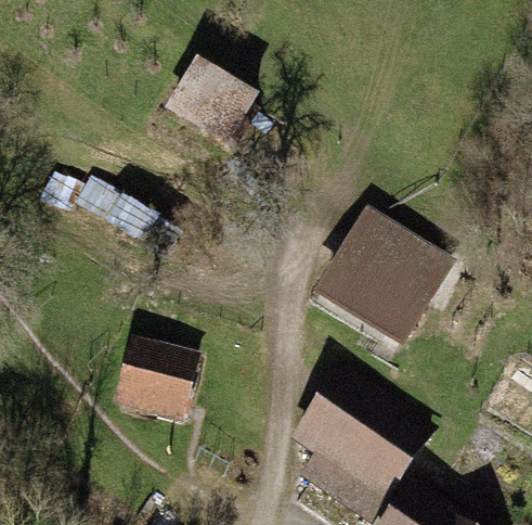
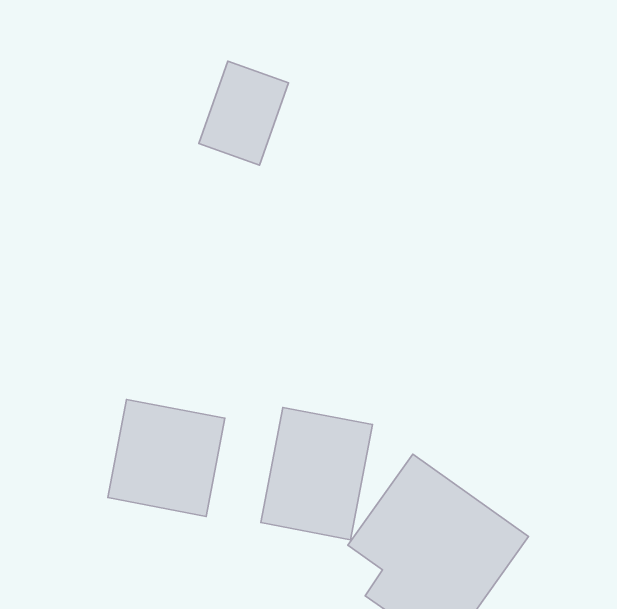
building: [304,214,444,355] -> none
building: none -> [261,407,372,540]

